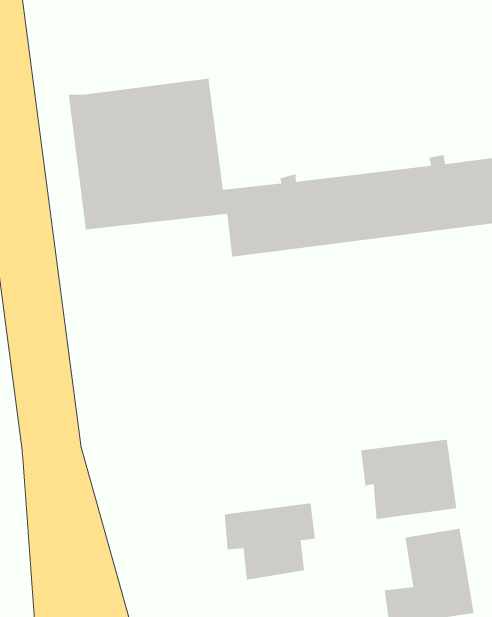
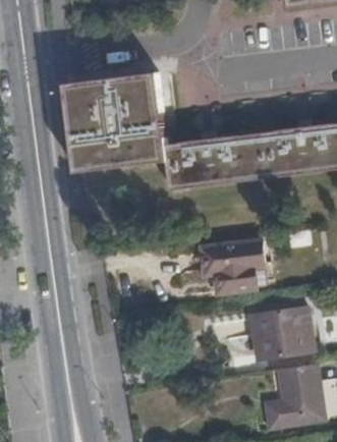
building: [224,503,316,581] -> [204,240,263,290]

